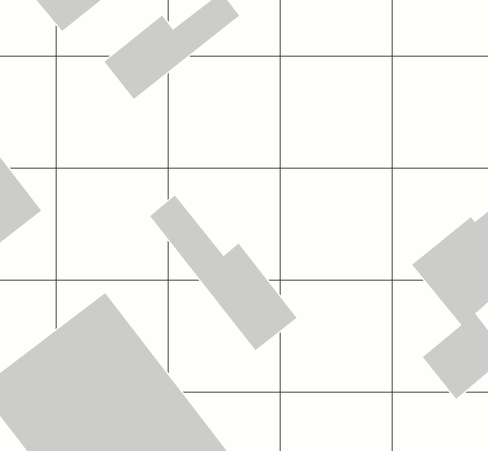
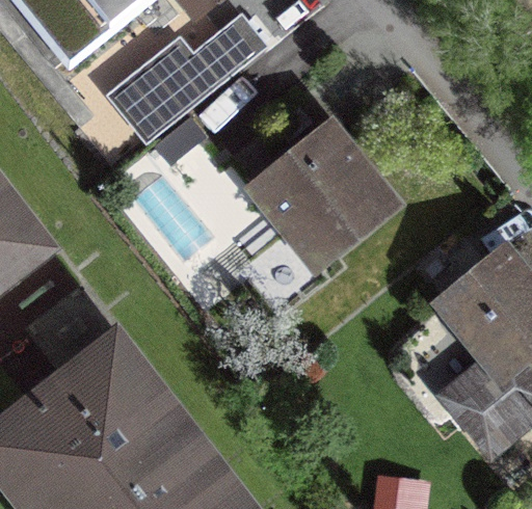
building: none -> [251,133,388,261]
building: [149,194,297,351] -> none

